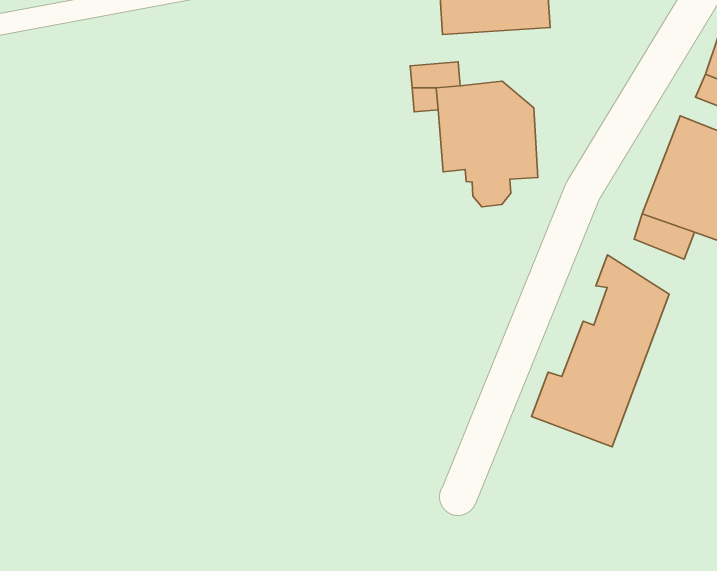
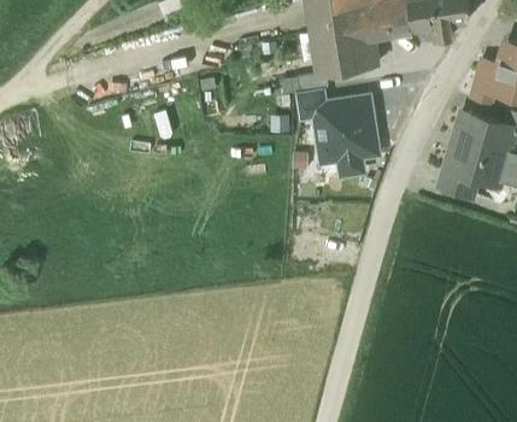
building: [532,255,669,447] -> none

